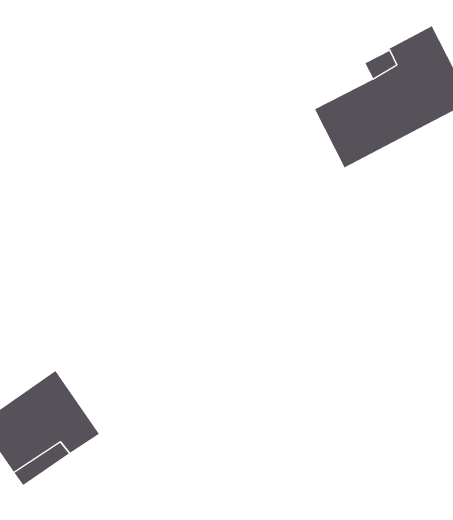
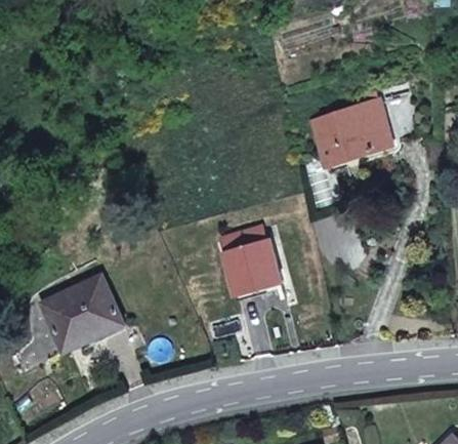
building: none -> [220,228,279,295]

